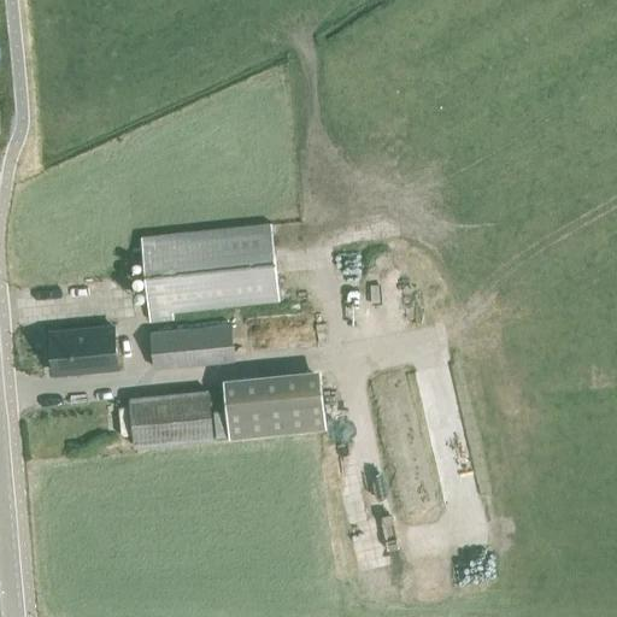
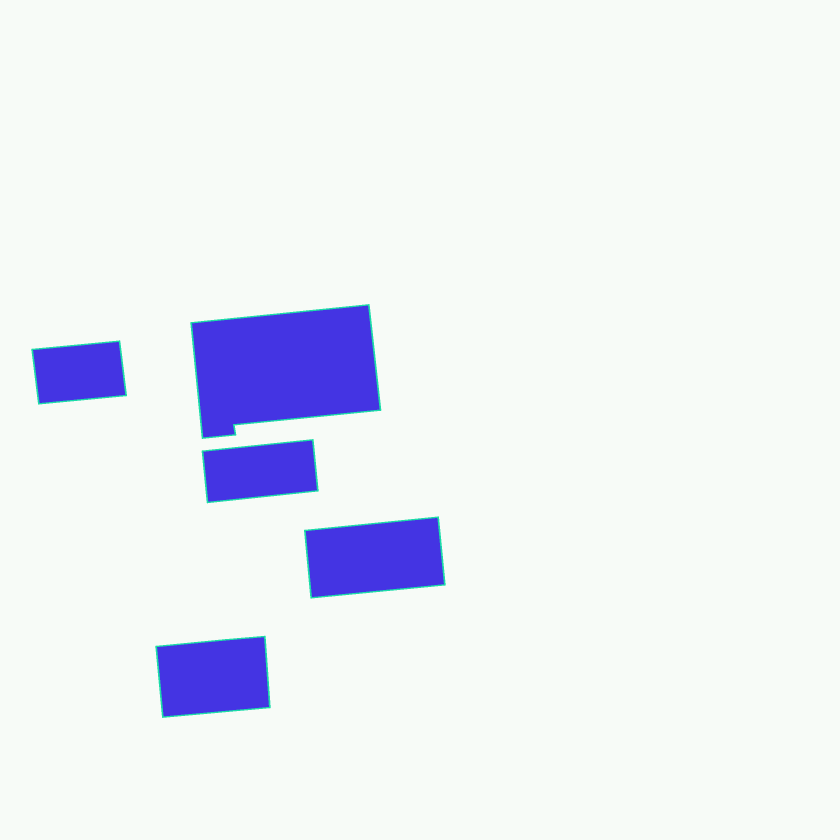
building: [48,328,117,374] -> [32,341,126,404]
building: [128,389,211,448] -> [156,637,270,717]

